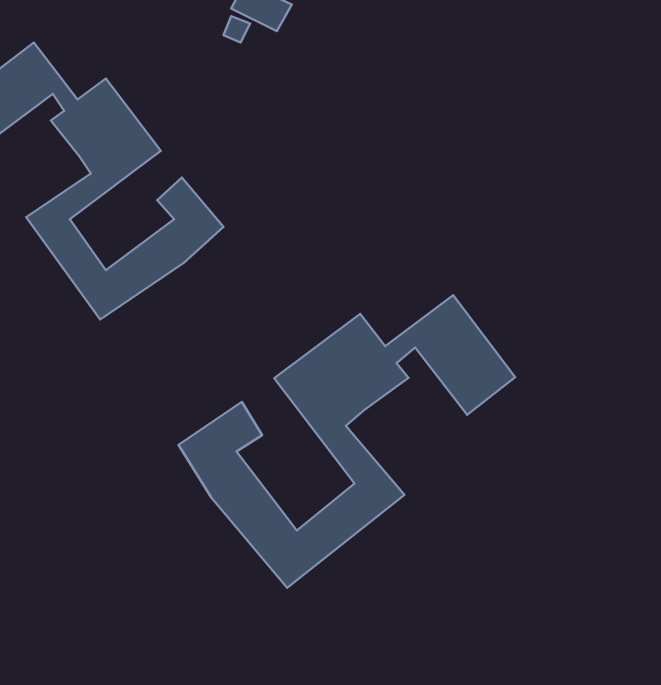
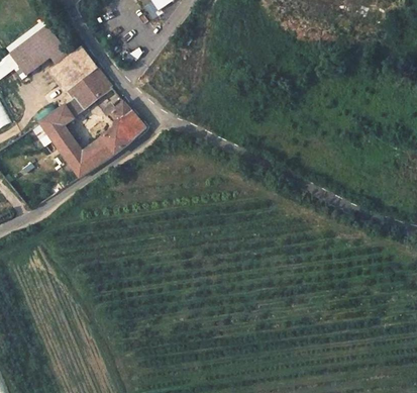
building: [178,295,515,588] -> none

